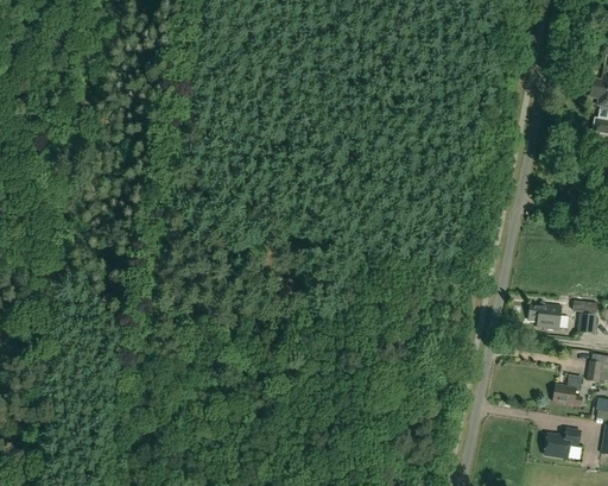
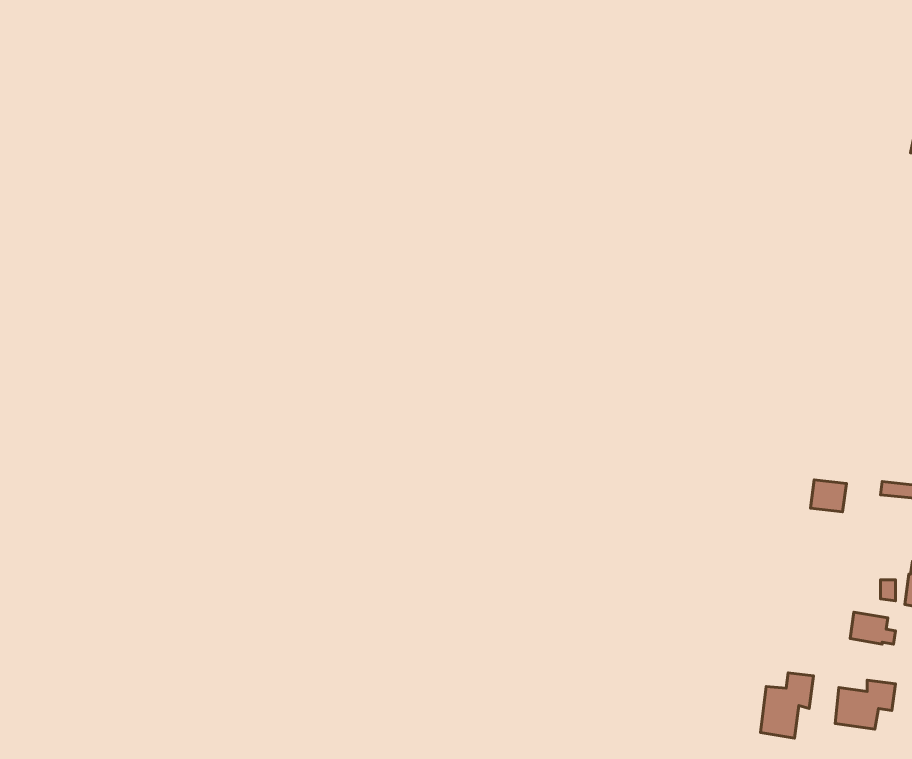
building: none -> [760,673,813,738]

